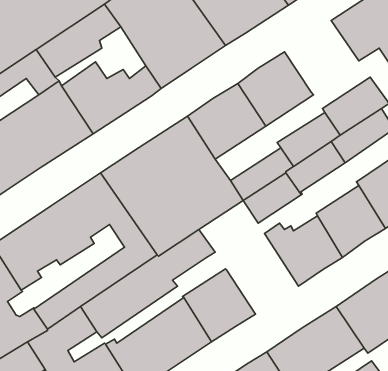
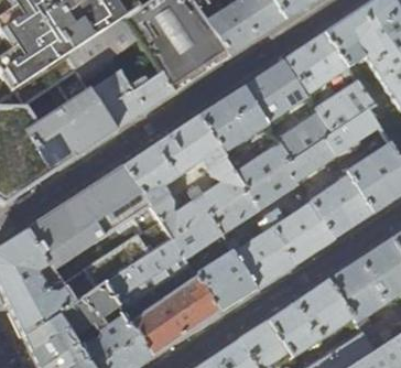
building: none -> [285,30,350,93]
building: none -> [210,187,262,232]
building: none -> [235,216,297,286]

